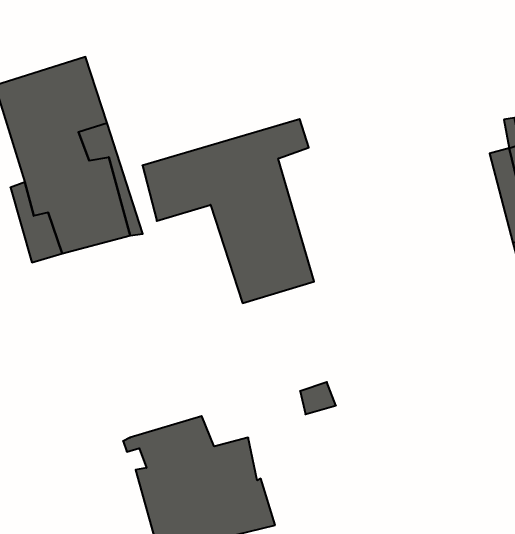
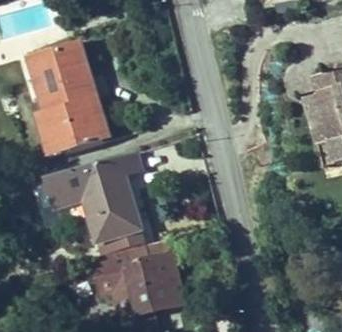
building: [142,119,314,303] -> [47,150,143,253]

